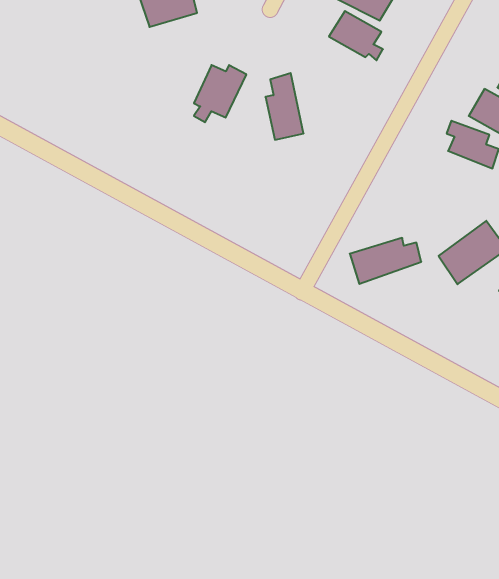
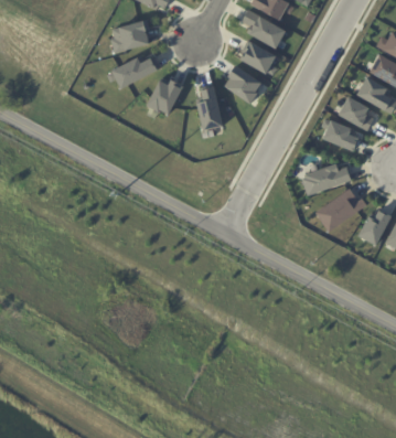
building: none -> [107,56,157,88]
building: none -> [225,64,268,106]
building: [350,238,421,284] -> [301,162,351,194]

